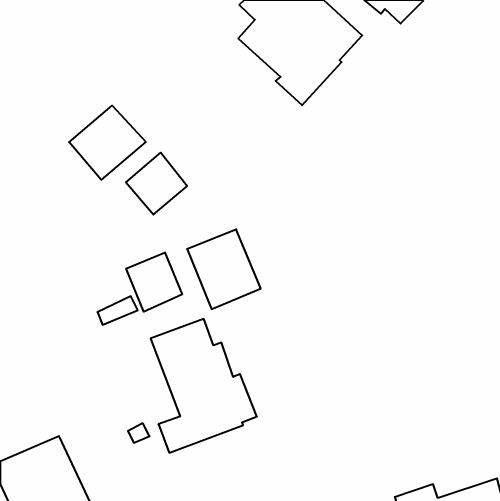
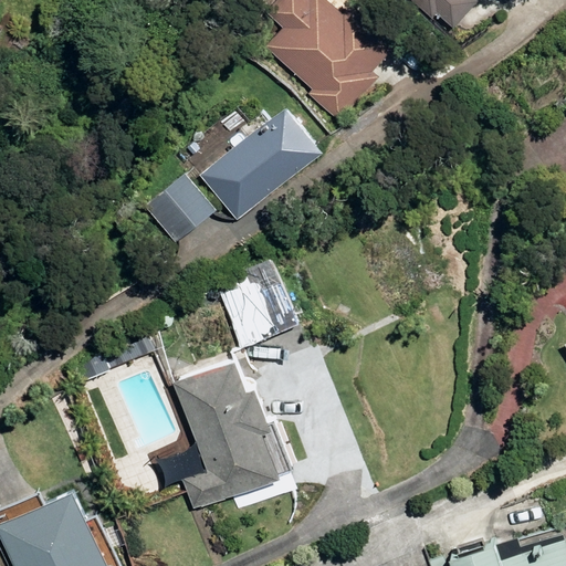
building: none -> [199,106,319,220]
building: [69,106,146,180] -> none
building: [126,252,182,312] -> none

